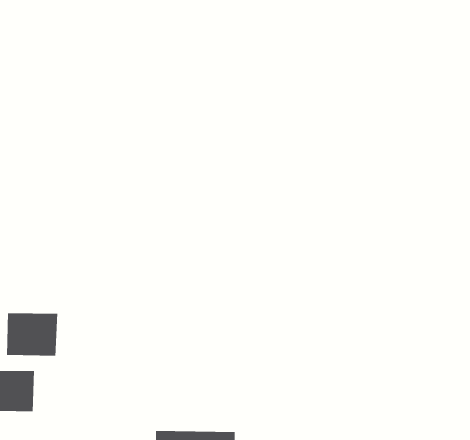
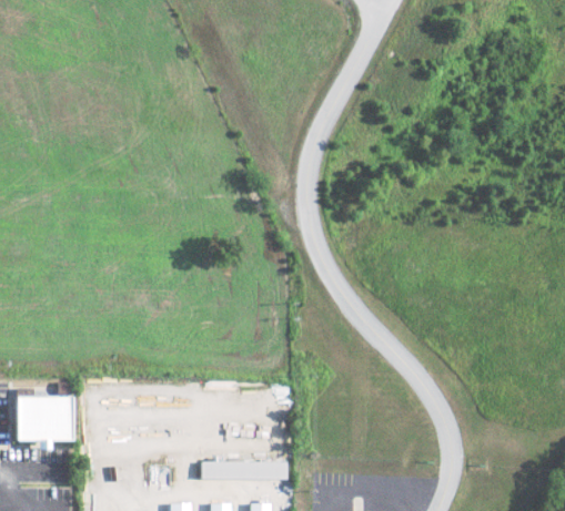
building: [7,312,58,356] -> none

